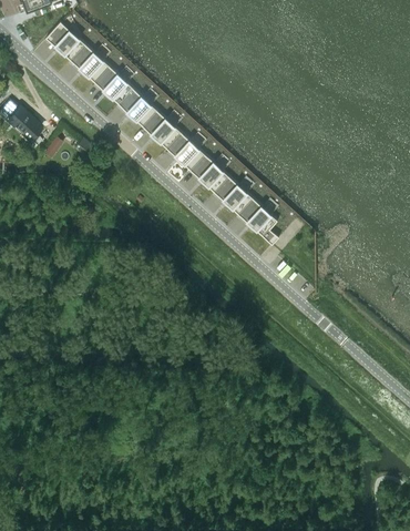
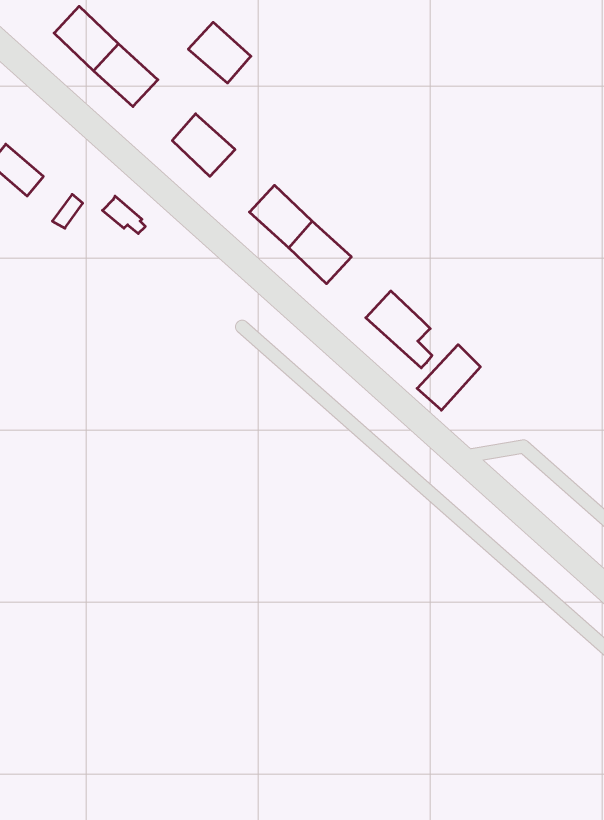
building: [94,67,133,104] -> [188,22,251,83]
building: [142,110,182,149] -> none
building: [214,176,254,214] -> none
building: none -> [417,345,480,410]

